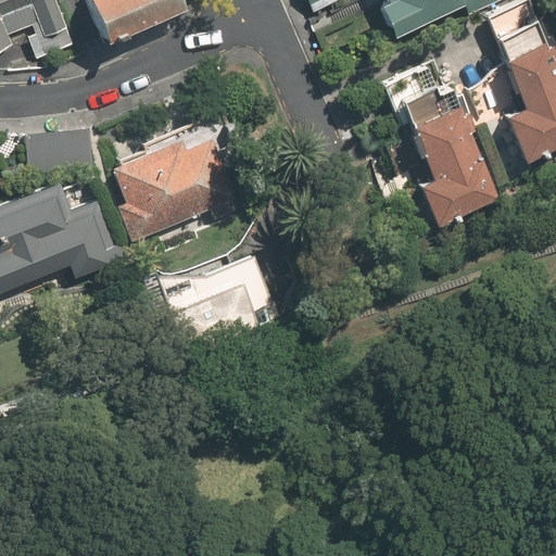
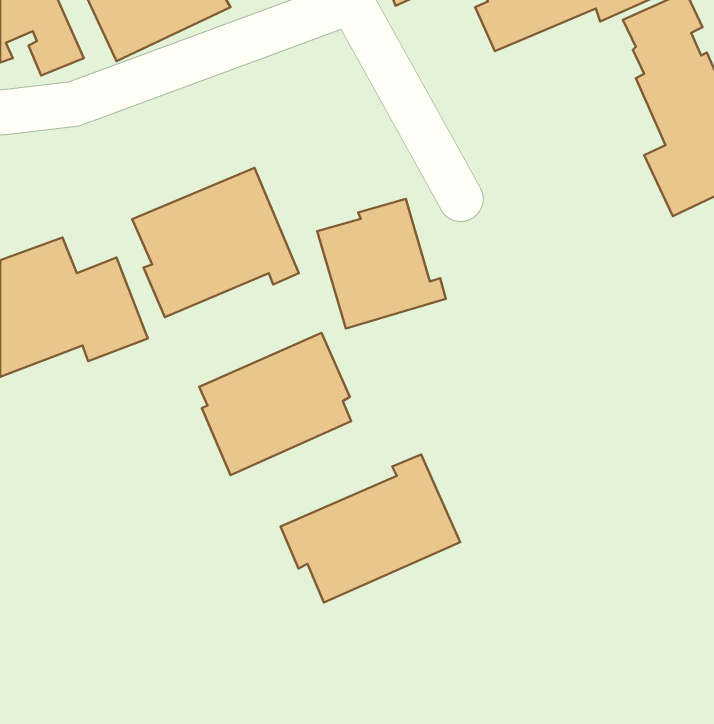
building: [384,63,500,227] -> none
building: none -> [317,199,446,328]
building: none -> [281,454,460,603]

